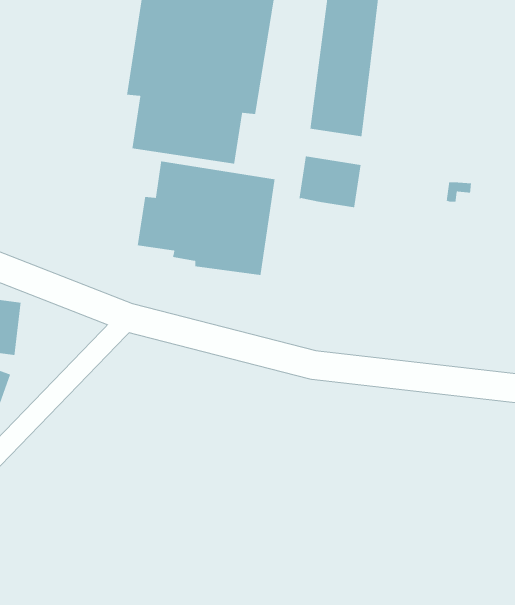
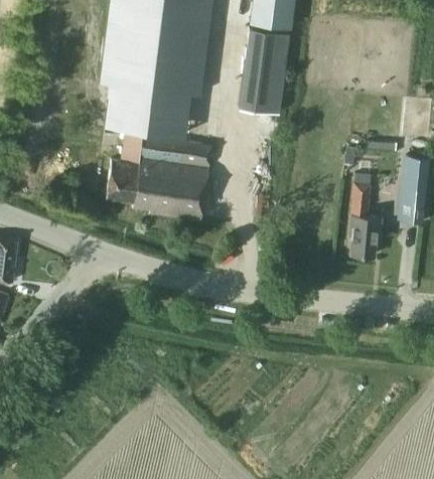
building: [298,155,362,208] -> none
building: none -> [349,174,382,257]

